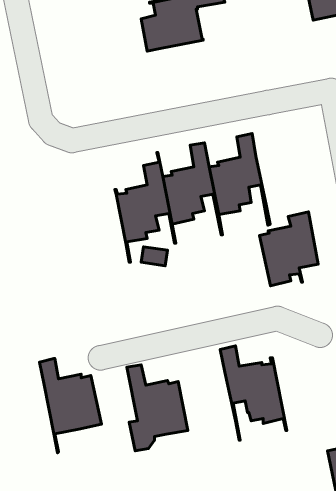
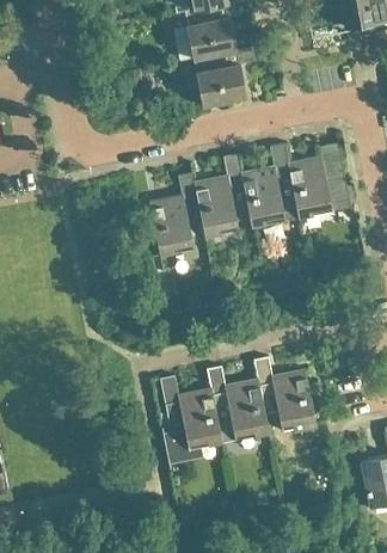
building: none -> [192,44,265,105]
building: [260,212,318,286] -> [288,142,346,216]
building: [39,359,102,453] -> [205,365,268,460]

